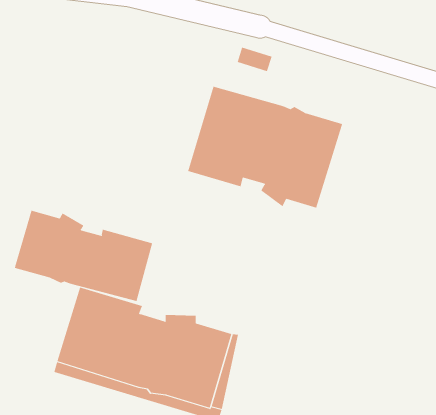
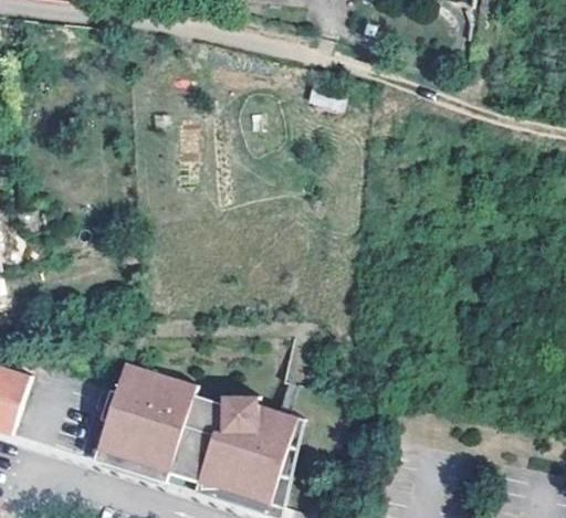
building: [188,86,343,209] -> none
building: [14,210,153,302] -> none

